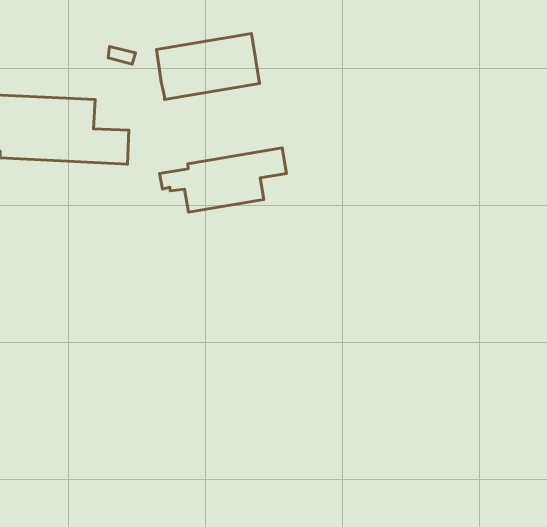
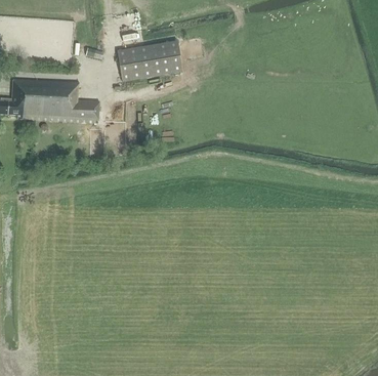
building: [160,148,287,212] -> none

